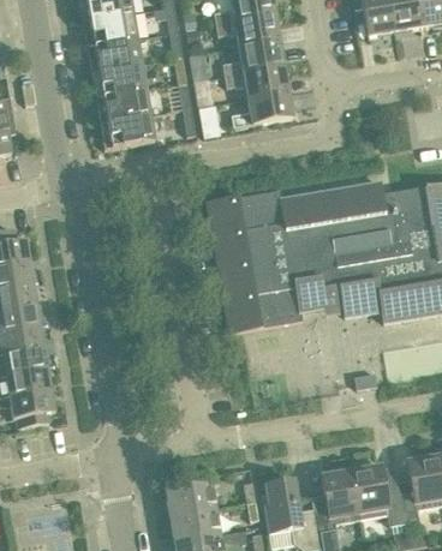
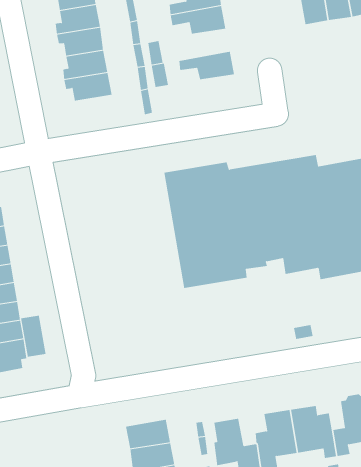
building: [222,40,283,76] -> none
building: [231,91,292,127] -> none
building: [102,114,155,149] -> none
building: none -> [20,315,46,358]

